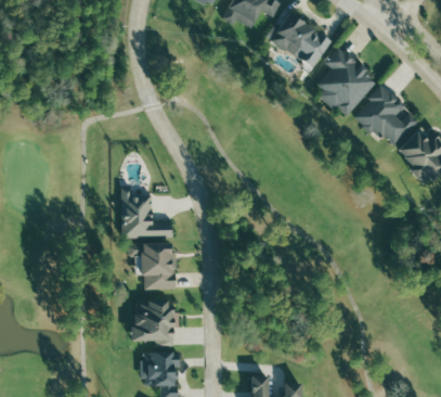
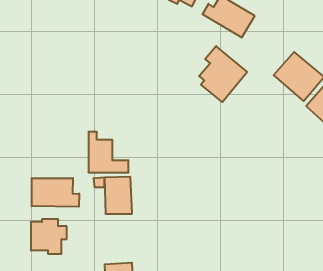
building: [317,47,378,117] -> [199,46,247,102]
building: none -> [32,178,79,207]
building: [134,303,180,346] -> [31,219,67,254]

